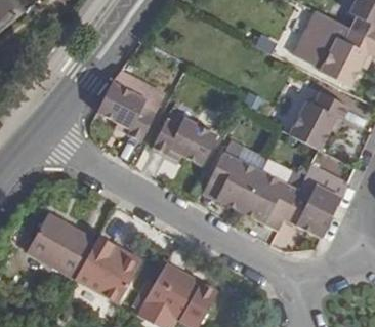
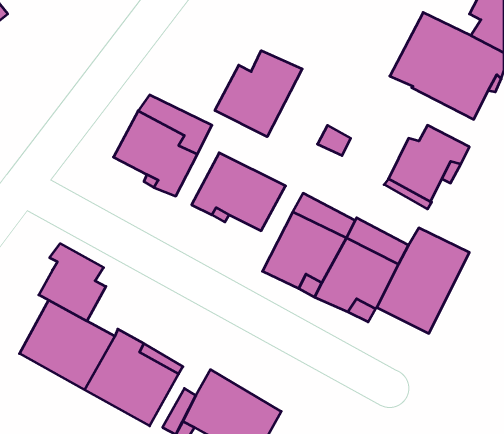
building: none -> [215,51,302,137]
building: none -> [39,244,106,321]

